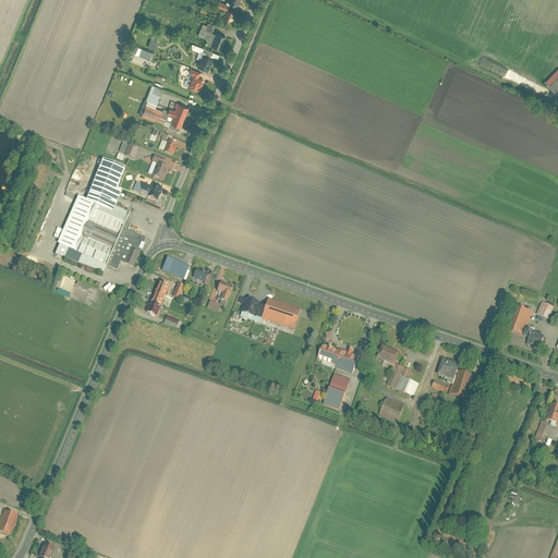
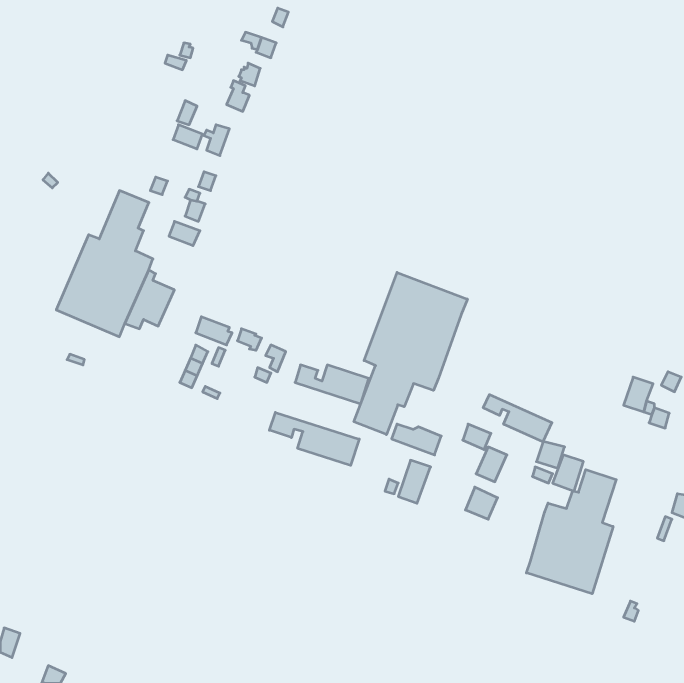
building: none -> [354,272,467,435]
building: none -> [483,395,552,442]
building: none -> [269,412,359,465]
building: none -> [526,470,616,594]

